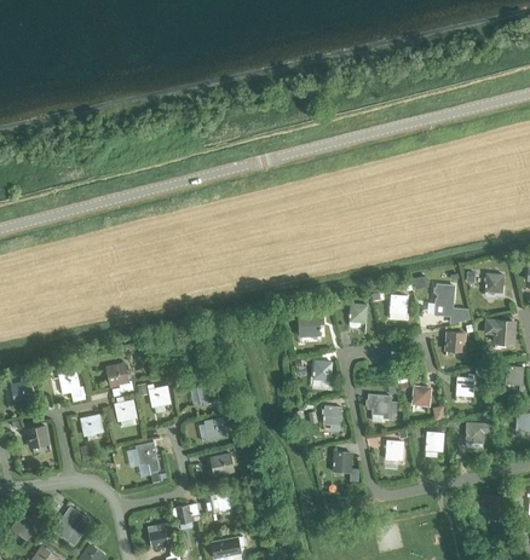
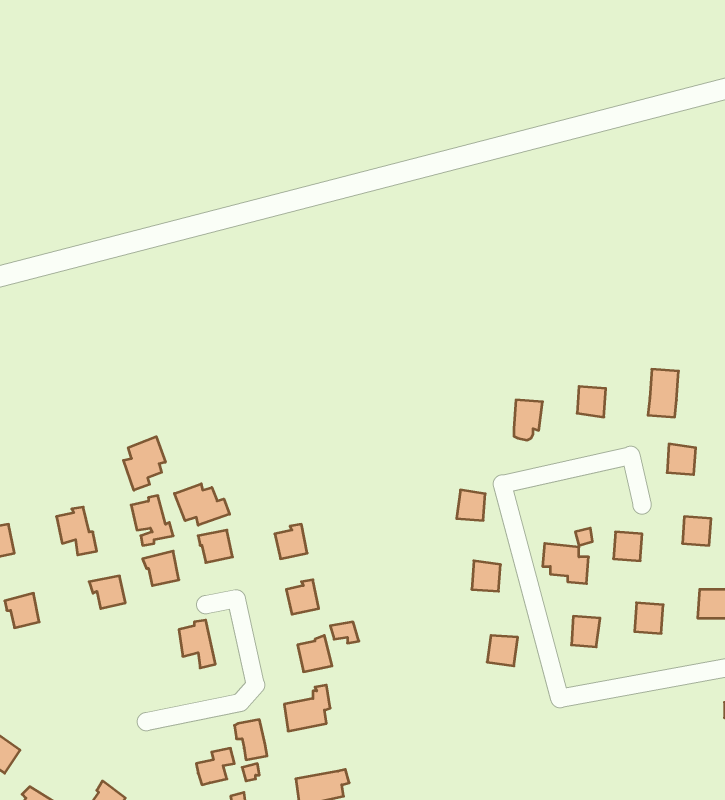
building: [298,312,323,339] -> none
building: none -> [123,437,165,490]
building: none -> [174,484,230,525]
building: [56,508,87,543] -> none

